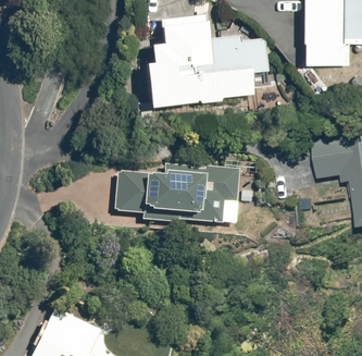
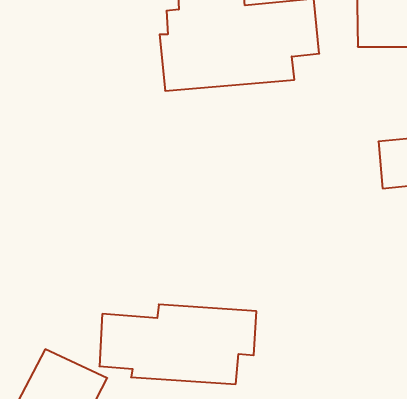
building: [116,163,240,226] -> [99,304,256,384]

